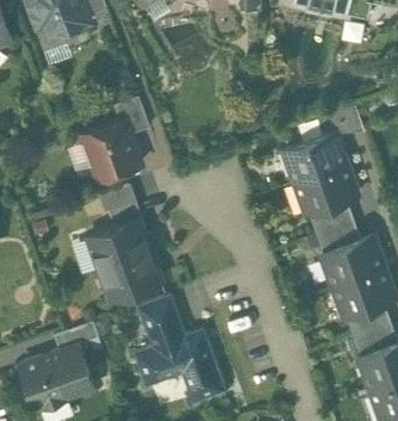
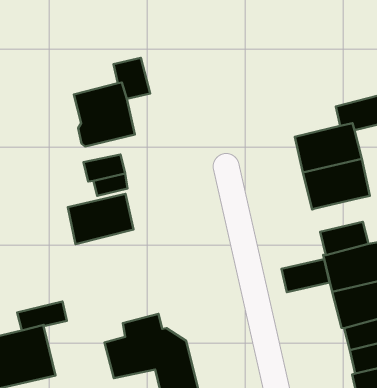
building: [307,199,352,233] -> [282,259,329,292]
building: [98,249,160,299] -> none
building: [137,295,179,334] -> none

